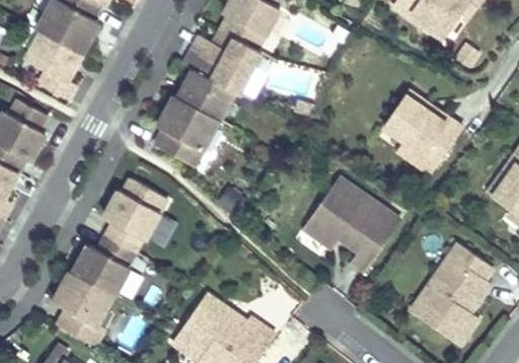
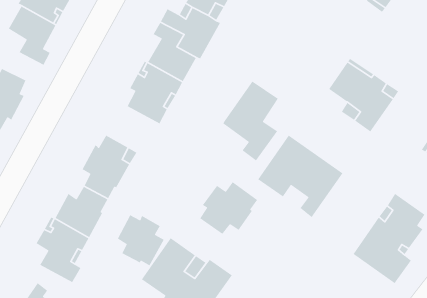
building: none -> [222,80,279,161]
building: none -> [199,181,258,235]
building: none -> [117,214,165,267]

